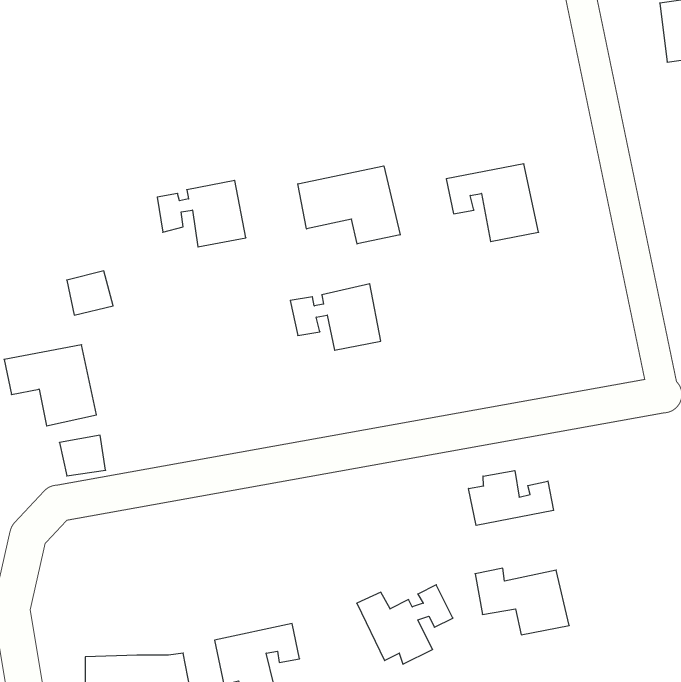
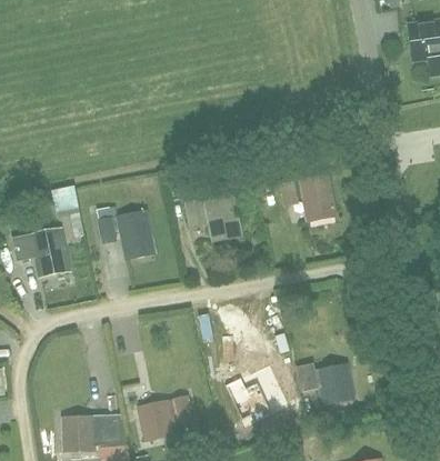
building: [446,164,539,242] -> [281,174,337,221]
building: [298,166,400,244] -> none
building: [157,180,246,247] -> [100,211,153,251]
building: [469,471,554,525] -> none

